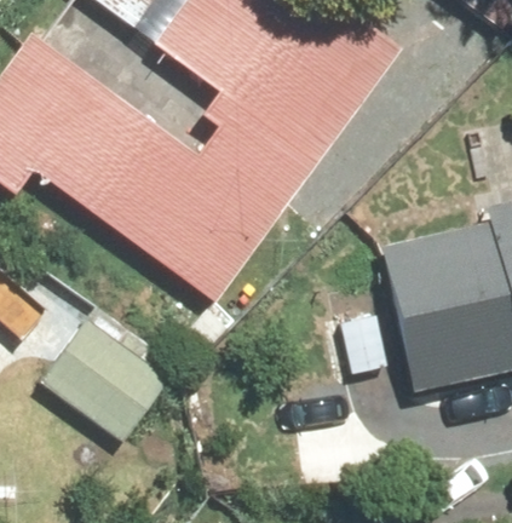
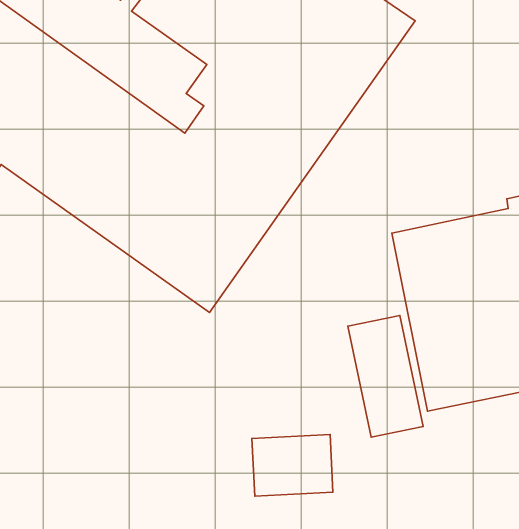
building: [40,316,176,444] -> none

